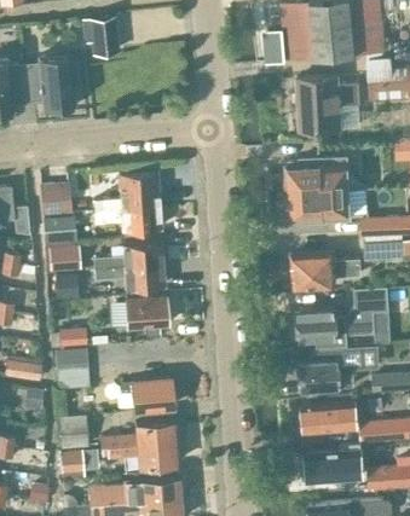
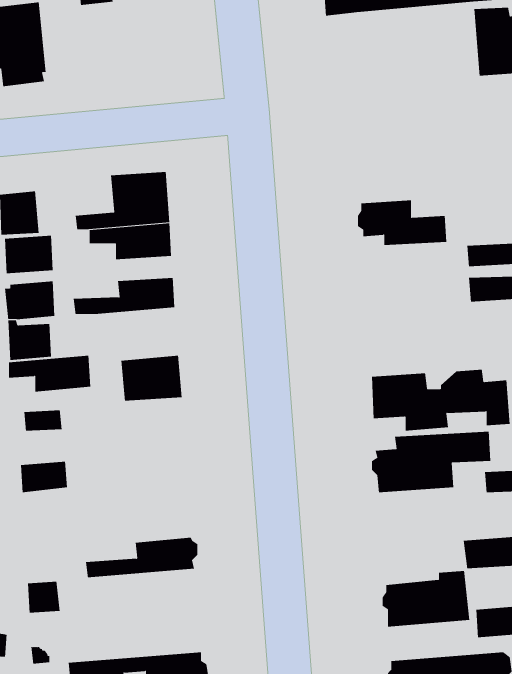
building: [296,76,360,131] -> none
building: [285,158,347,192] -> none
building: [291,253,360,286] -> none
building: [106,263,163,289] -> [8,355,91,392]
building: [129,378,175,411] -> none
building: [299,401,353,434] -> none
building: [58,416,88,450] -> none
building: [102,442,180,466] -> none
building: [87,477,183,506] -> none

